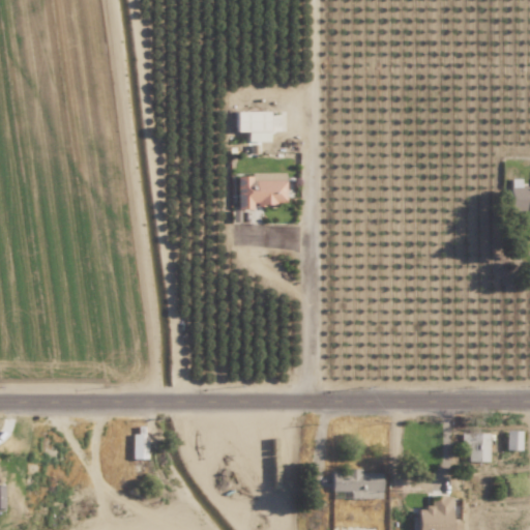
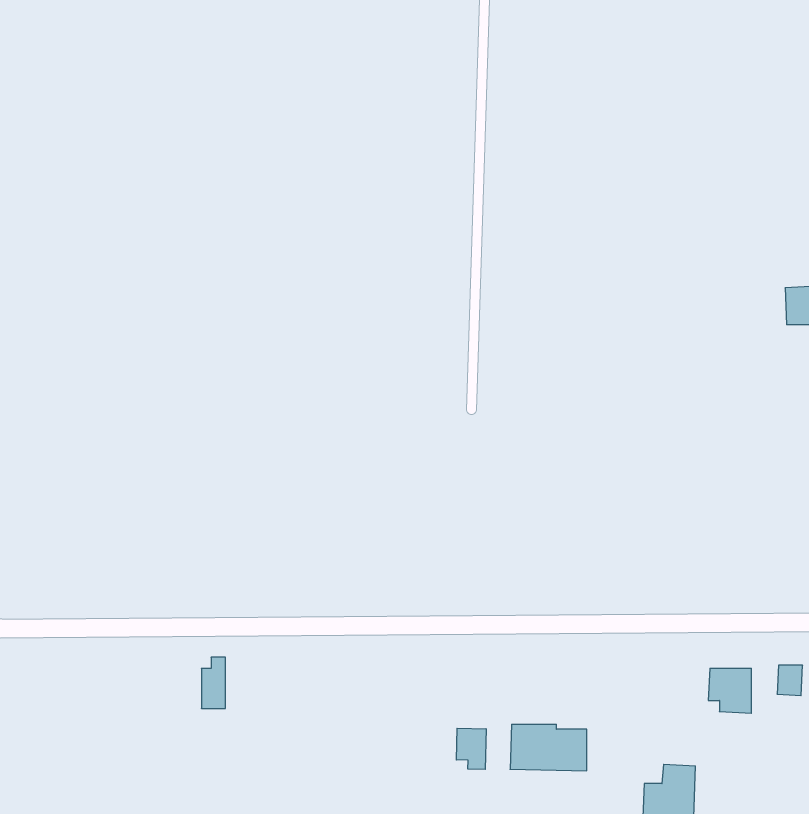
building: [239,112,272,134] -> none
building: [241,175,289,210] -> none
building: none -> [456,728,486,769]

